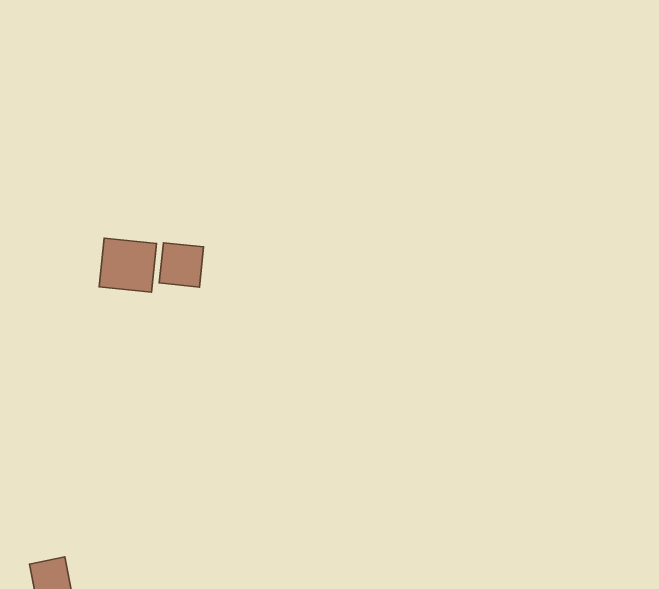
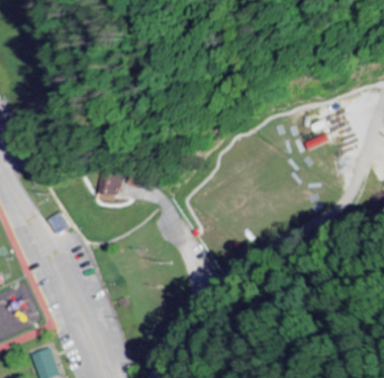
building: [99,238,156,292] -> none

